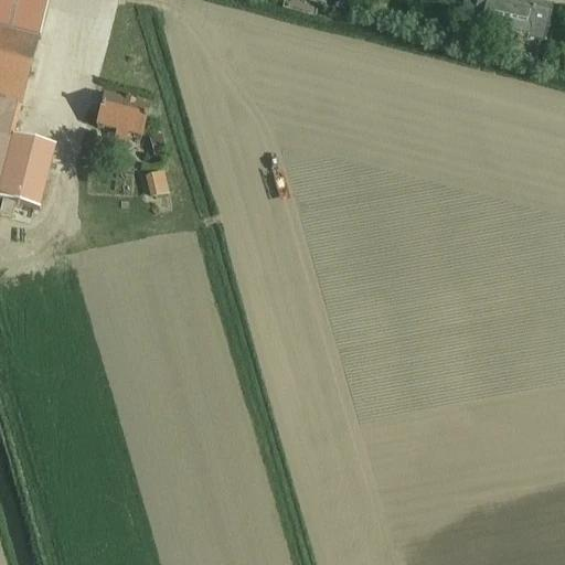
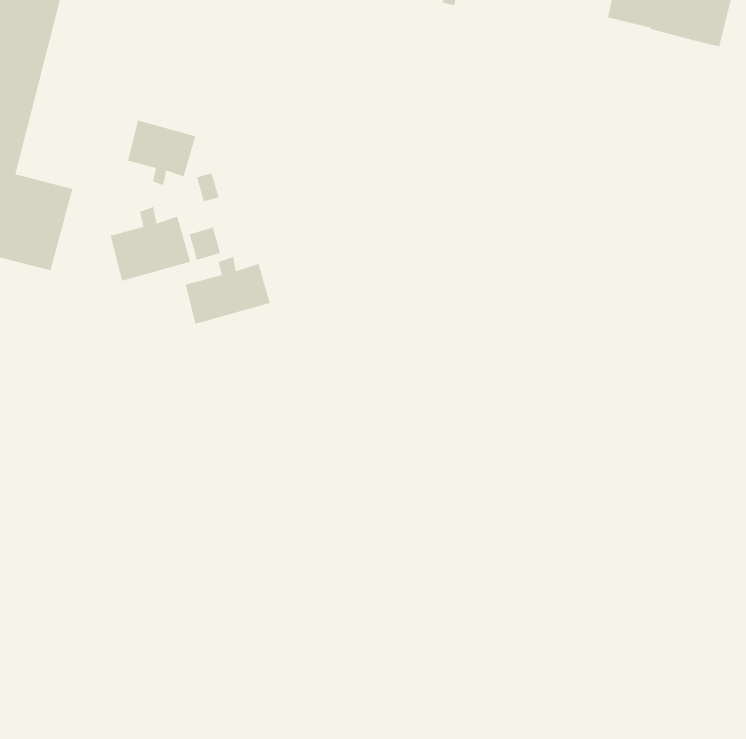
building: none -> [110,206,191,282]
building: none -> [185,256,270,324]

